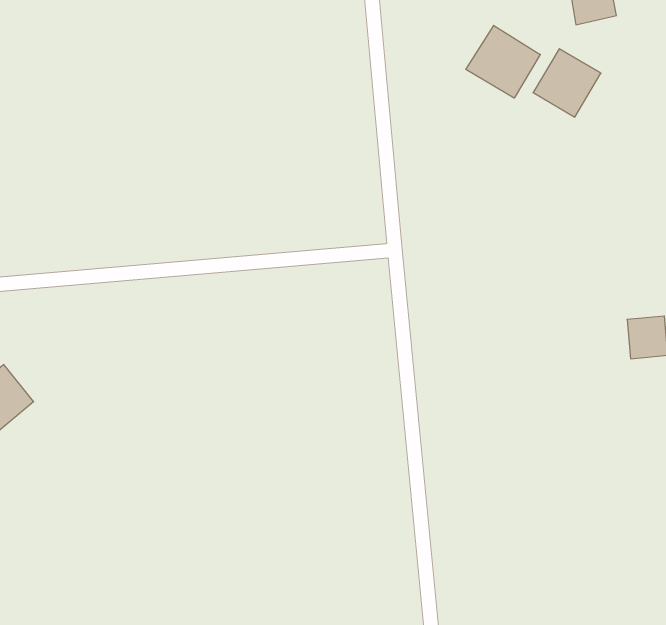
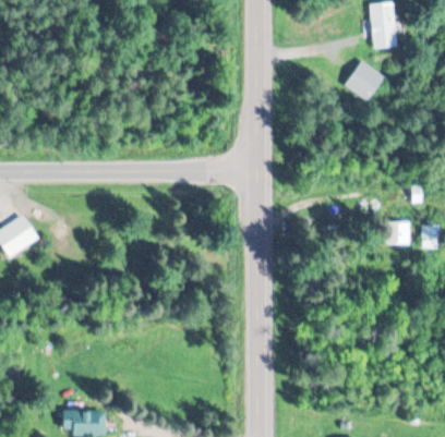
building: [466,25,540,98] -> none

